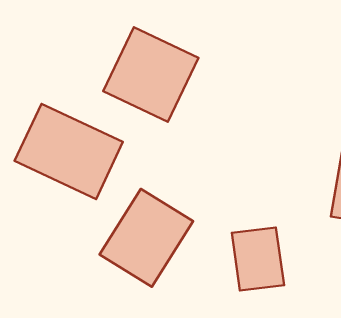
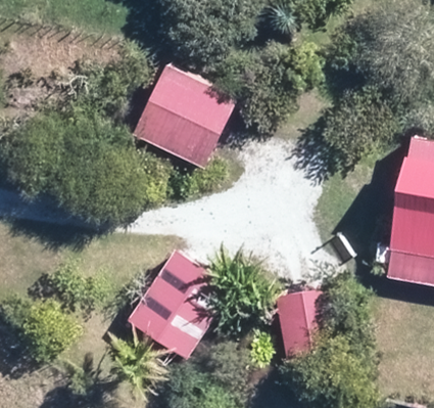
building: [15,104,123,199] -> none

